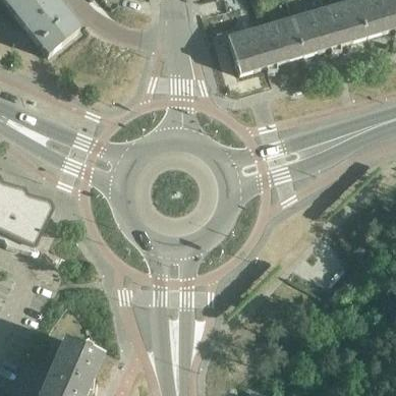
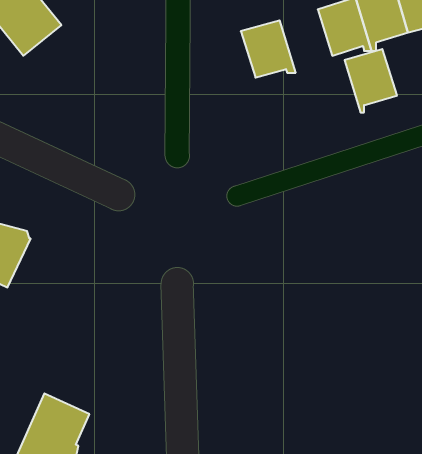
building: [261,16,304,69] -> [345,49,397,112]

